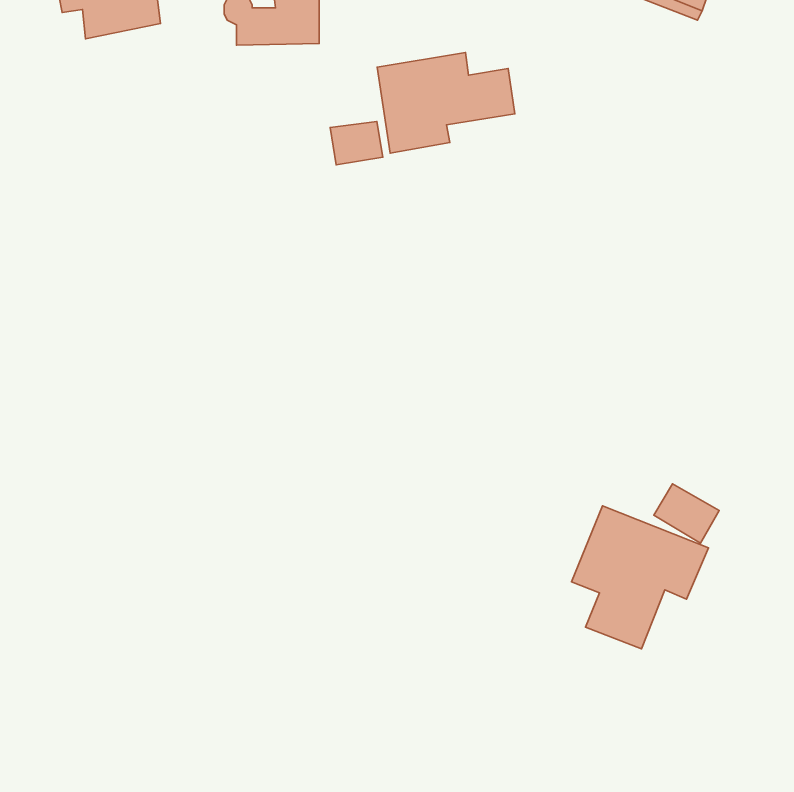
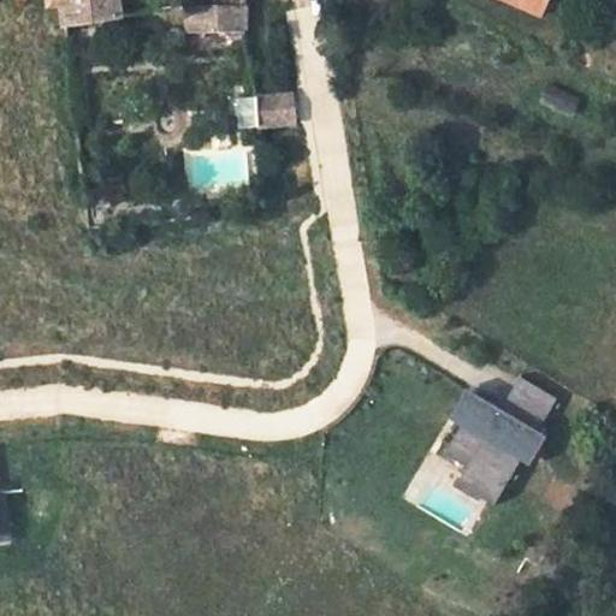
building: [377,52,515,153] -> none

